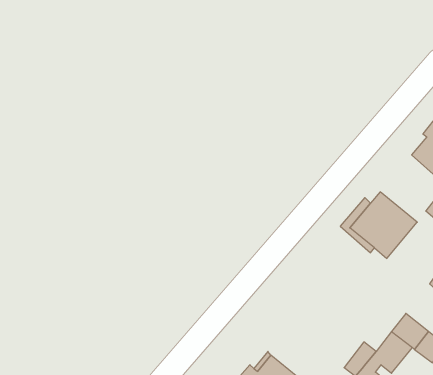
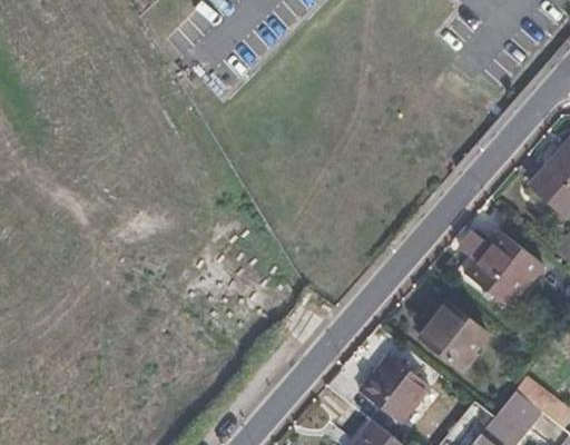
building: none -> [419,300,487,373]
building: none -> [360,356,426,422]

